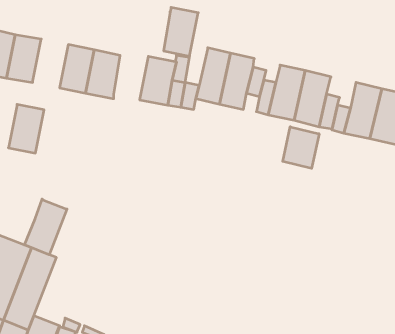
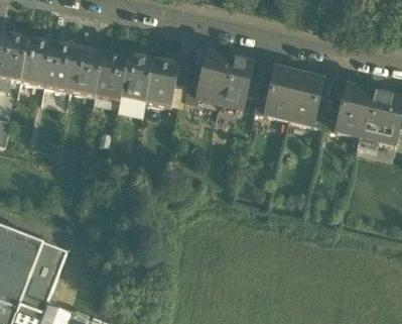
building: [164,7,198,56] -> [120,56,152,101]
building: [8,104,44,153] -> [44,44,78,90]
building: [283,127,319,168] -> none
building: [24,199,67,255] -> none

